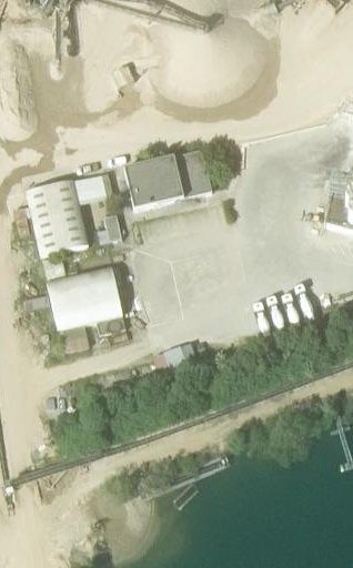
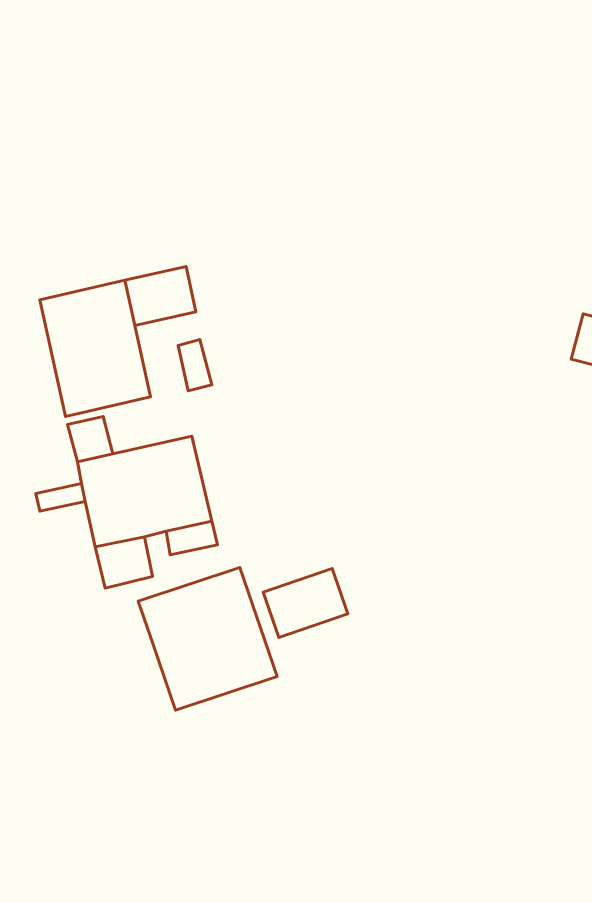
building: [123,149,212,209] -> none
building: none -> [138,568,277,710]

